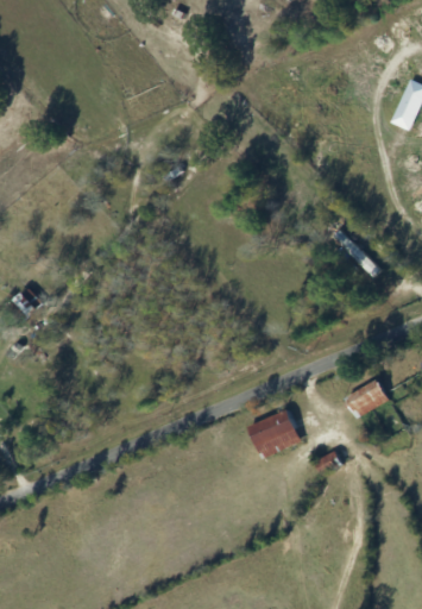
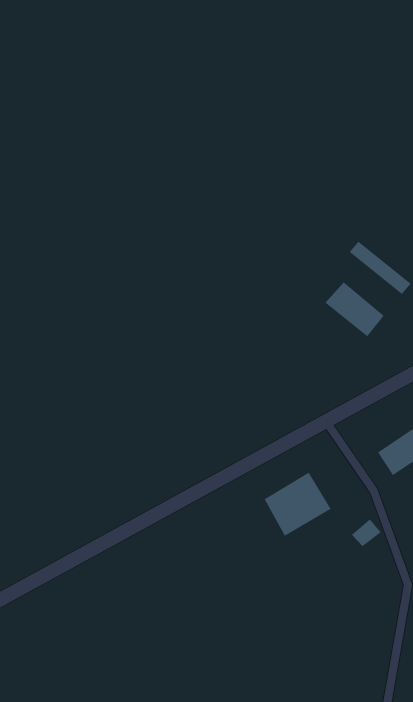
building: none -> [325,281,385,337]

